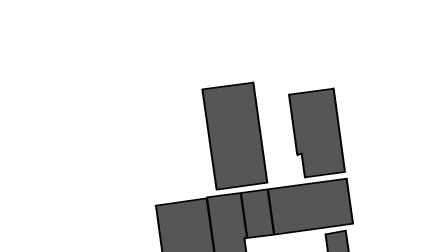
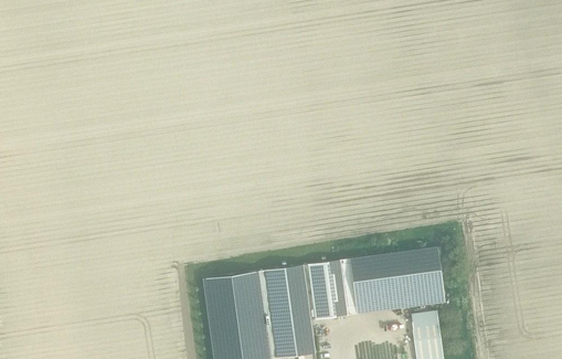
building: [203,82,267,190] -> none
building: [289,88,345,178] -> none

